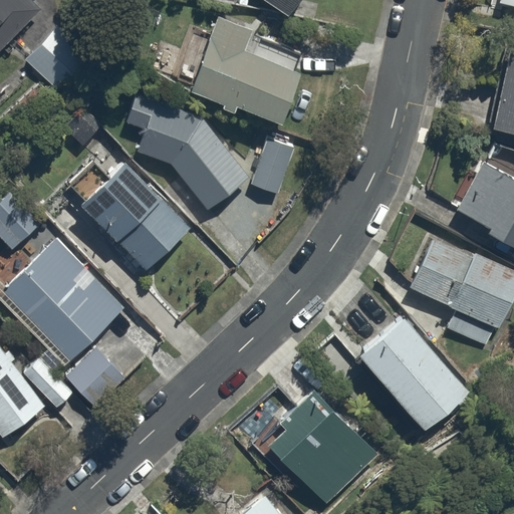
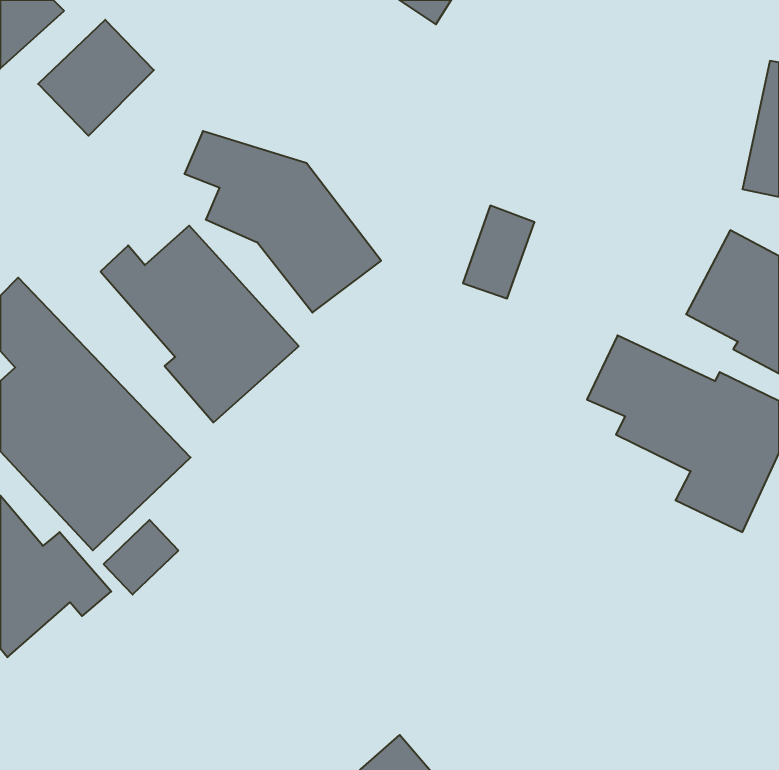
building: [193,11,291,122] -> none
building: [253,136,300,197] -> [463,206,535,299]
building: [359,316,468,432] -> none
building: [267,383,383,508] -> none

